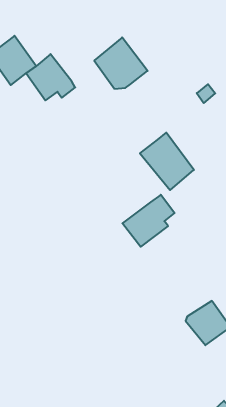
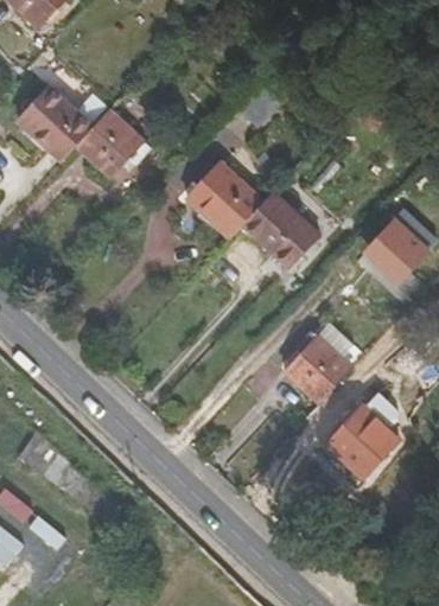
building: [94,37,148,89] -> [185,162,259,232]
building: [122,195,175,247] -> [288,323,356,396]

